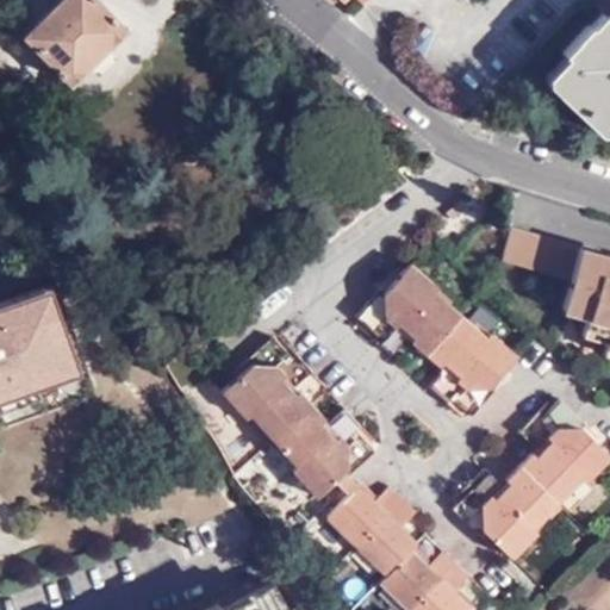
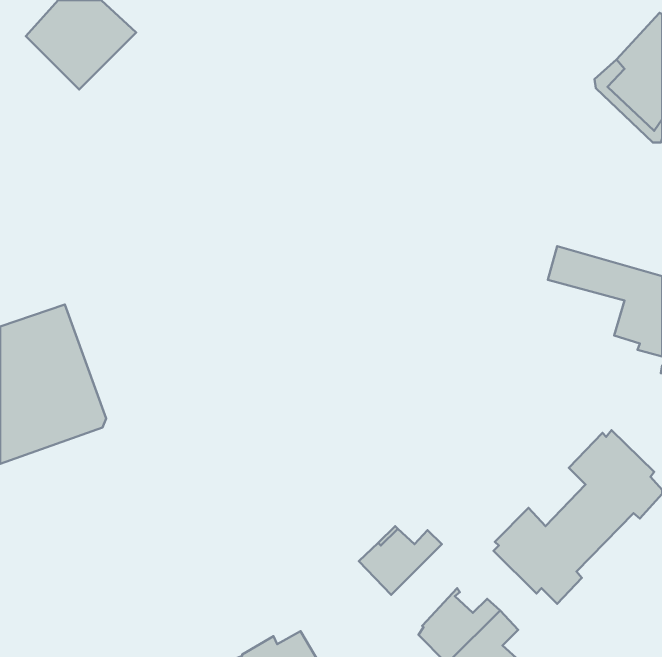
building: [357,266,517,421] -> none
building: [222,340,380,499] -> none
building: [360,505,421,580] -> none

